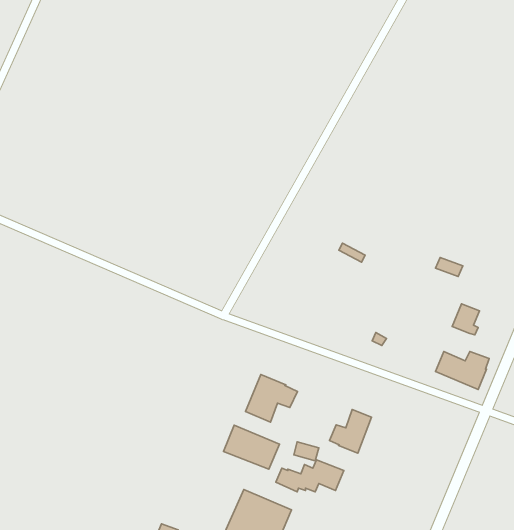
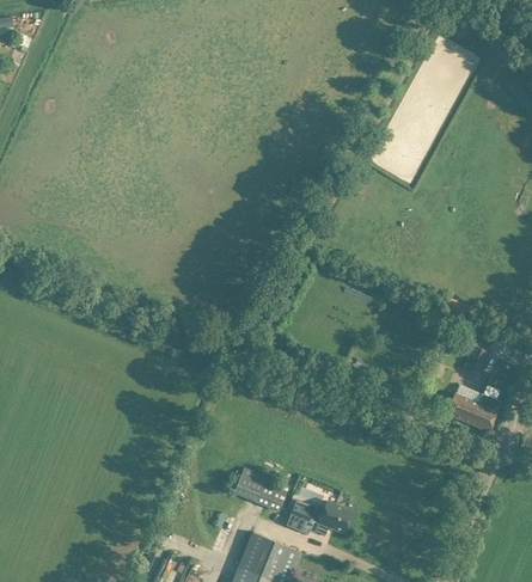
building: [245,374,297,422] -> none
building: [330,410,372,453] -> none

